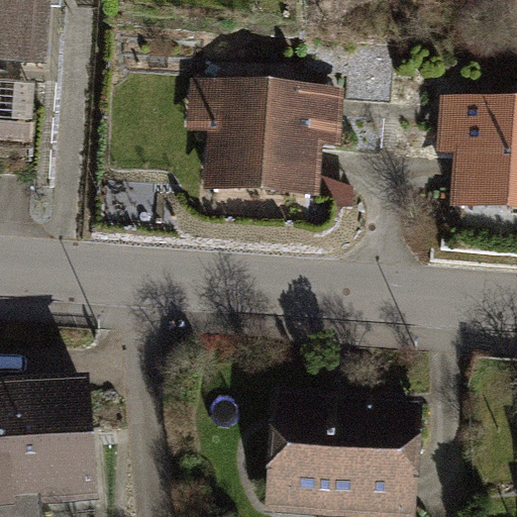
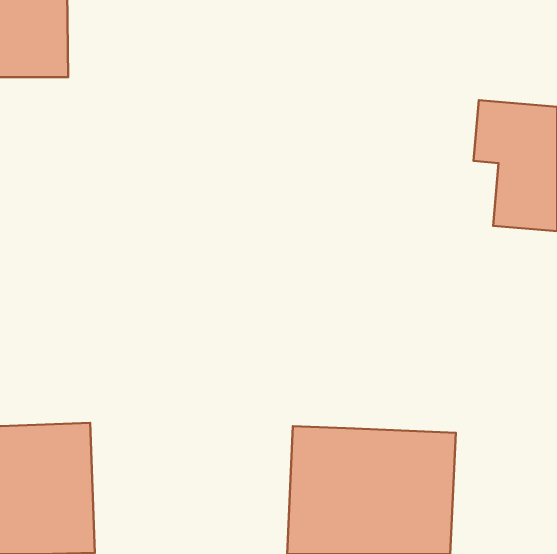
building: [189,76,351,199] -> none

